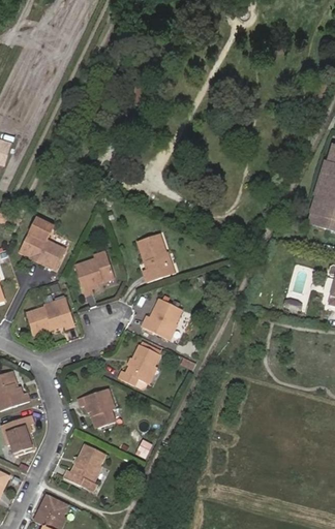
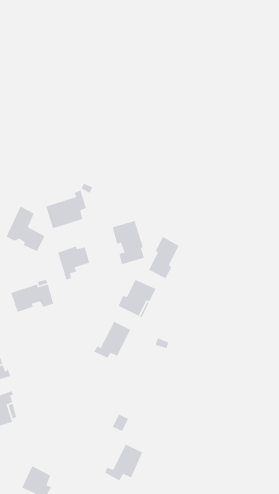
building: none -> [45,189,87,229]
building: none -> [148,236,179,279]
building: [78,386,114,425] -> none
building: [62,442,103,483] -> [104,443,143,482]

